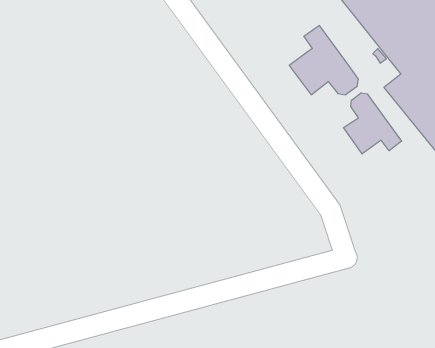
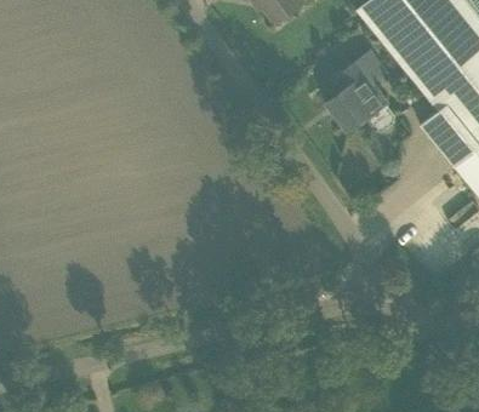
building: [344,93,402,154] -> none

